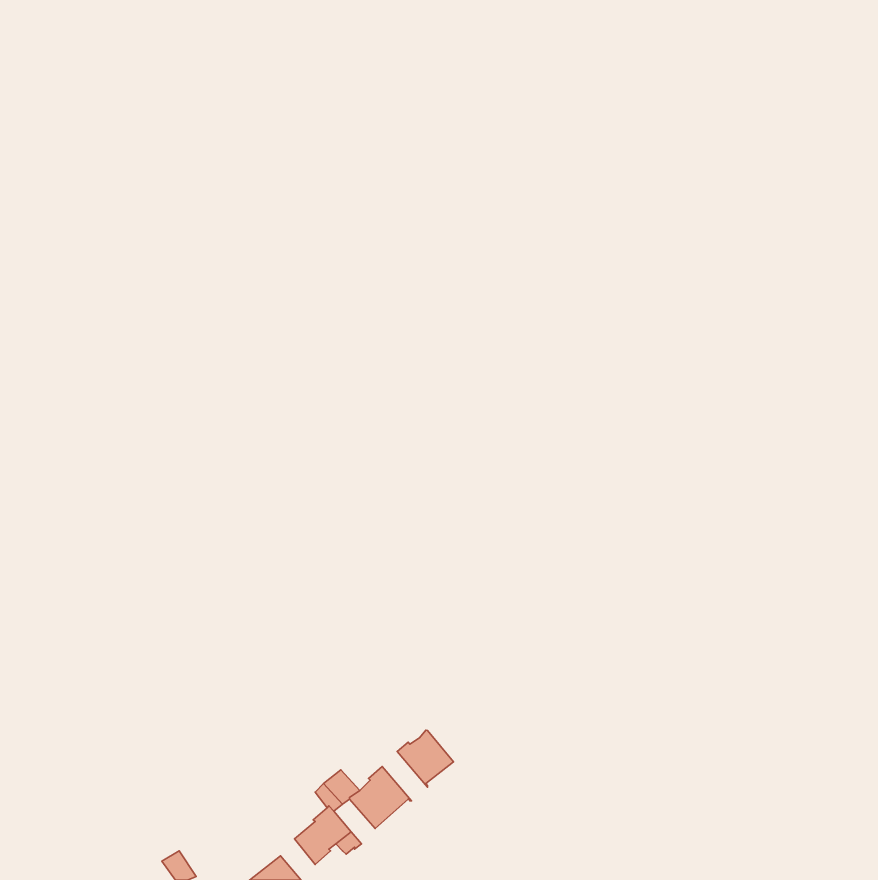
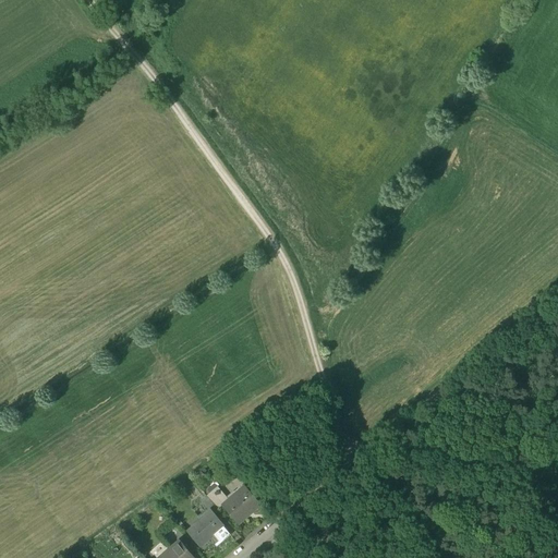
building: [397,730,453,787] -> none

